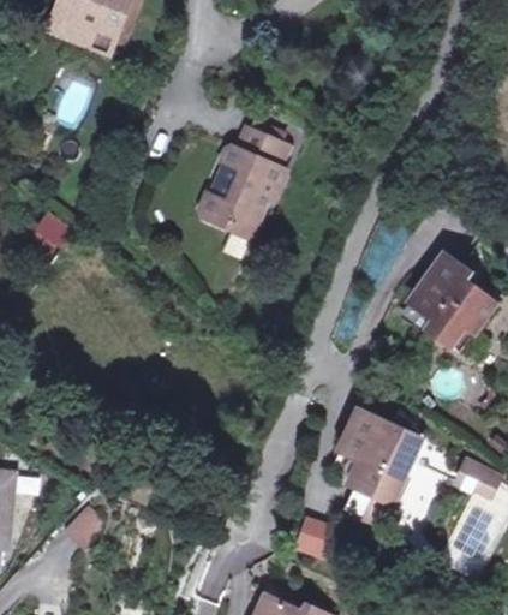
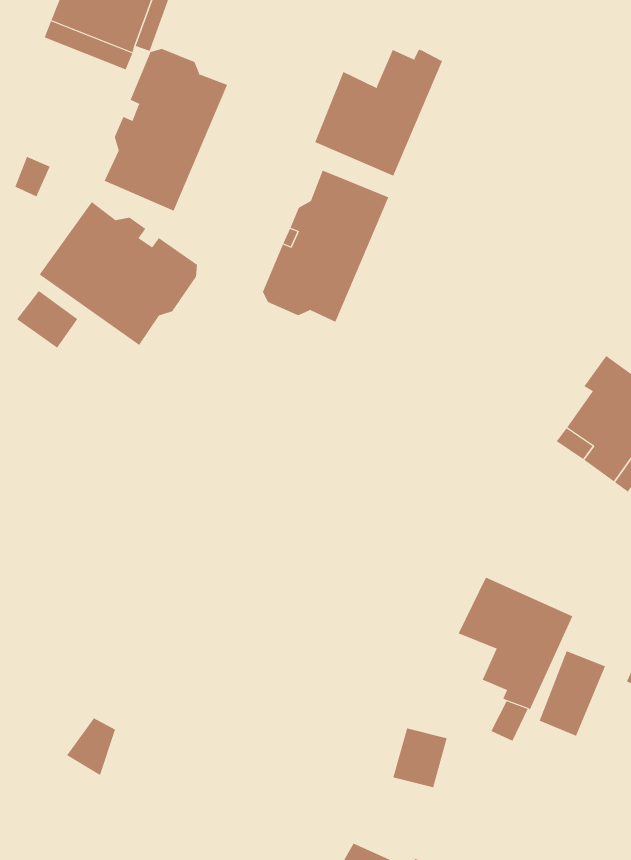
building: none -> [104,48,228,212]
building: none -> [314,49,443,177]
building: none -> [39,201,198,346]

